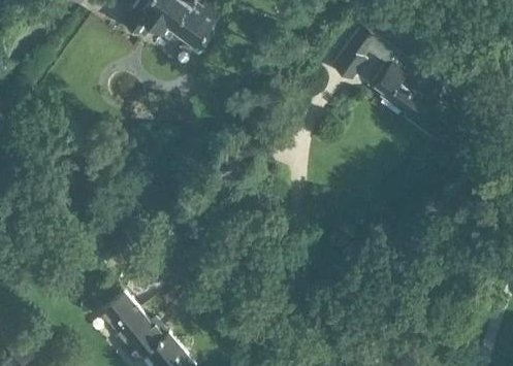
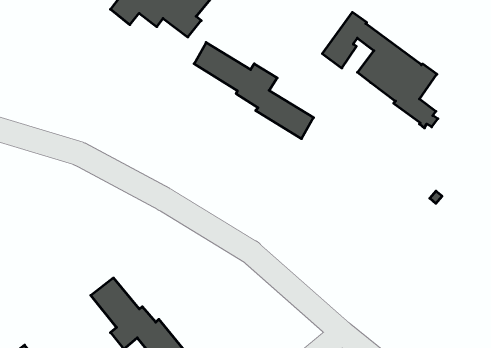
building: none -> [194,42,314,139]

